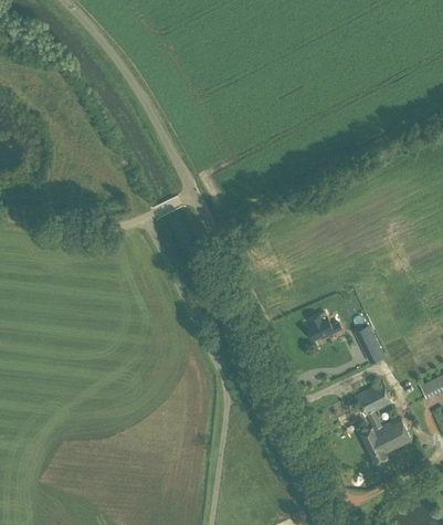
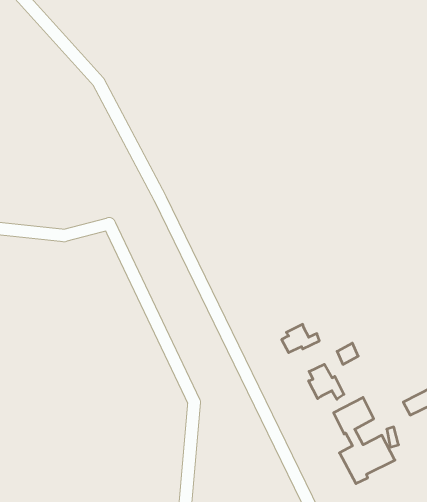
building: none -> [309,364,344,399]

